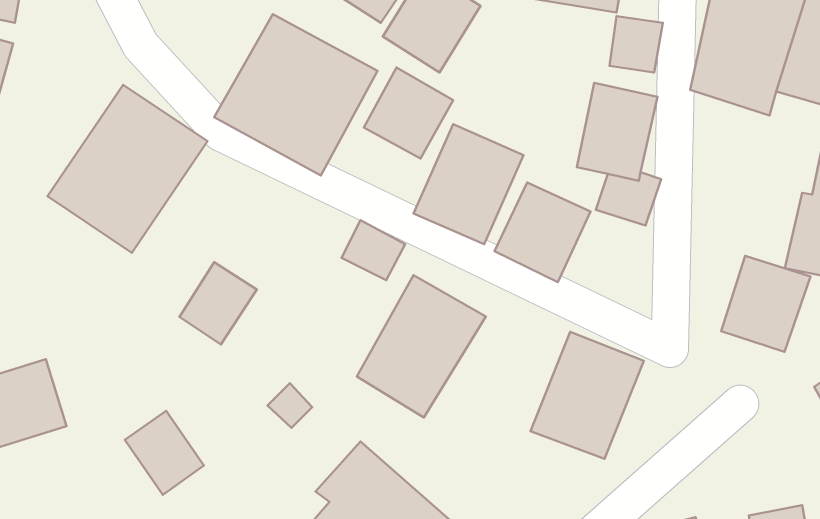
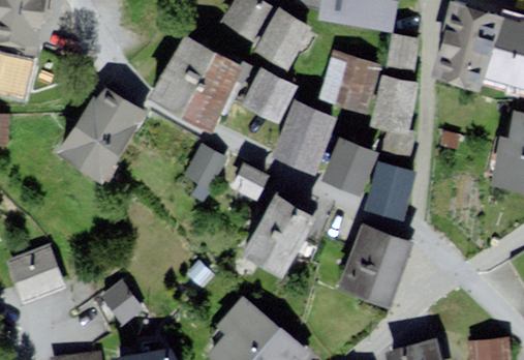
building: none -> [319,52,383,115]
building: [721,256,810,352] -> [366,162,420,220]
building: [180,262,257,344] -> [178,141,224,190]

